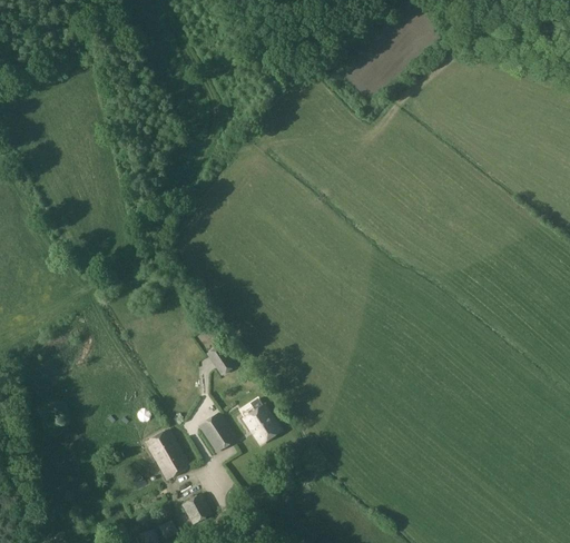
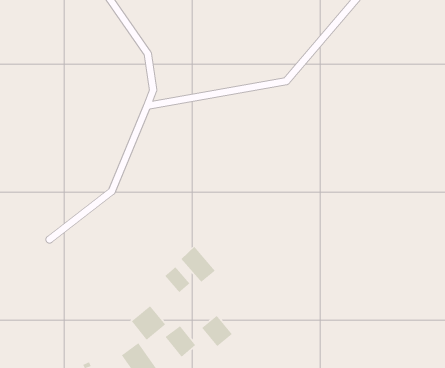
building: none -> [181,246,216,283]
building: none -> [131,305,166,341]

